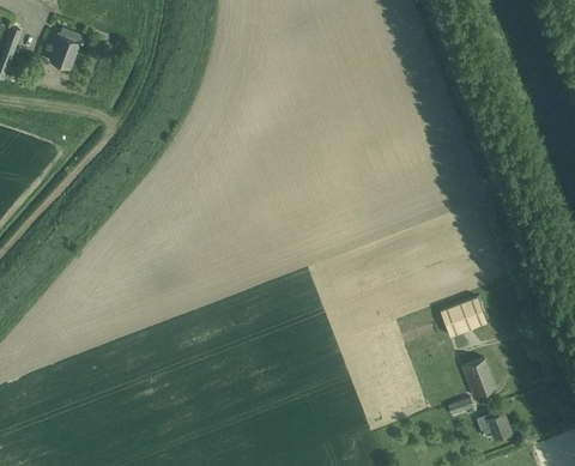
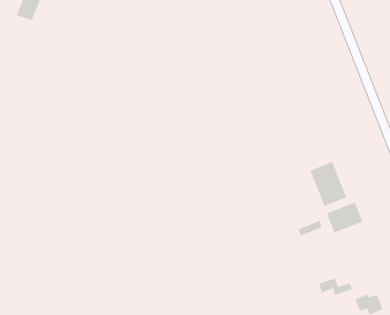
building: none -> [310,161,347,207]
building: [461,359,495,397] -> none

